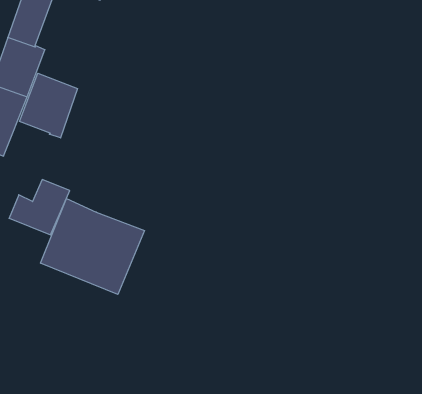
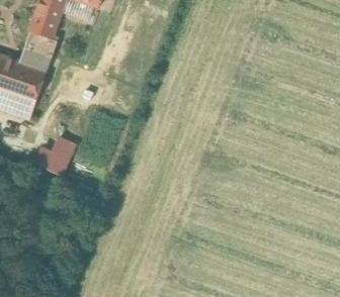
building: [19,73,78,138] -> none
building: [41,198,144,294] -> none

